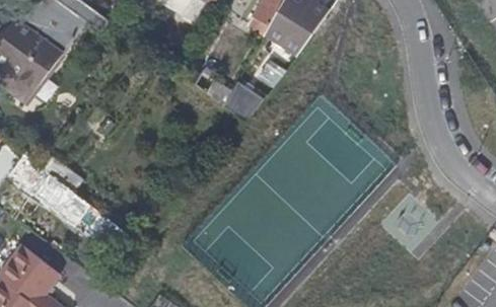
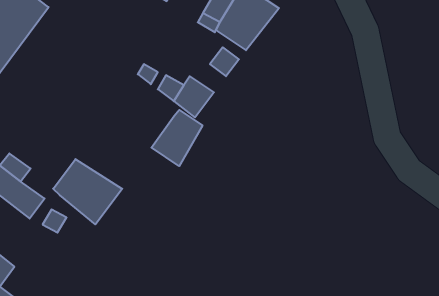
building: none -> [151,110,202,166]
building: none -> [53,159,122,224]

